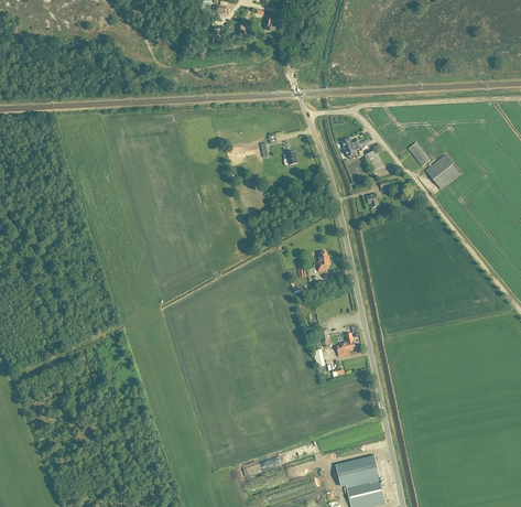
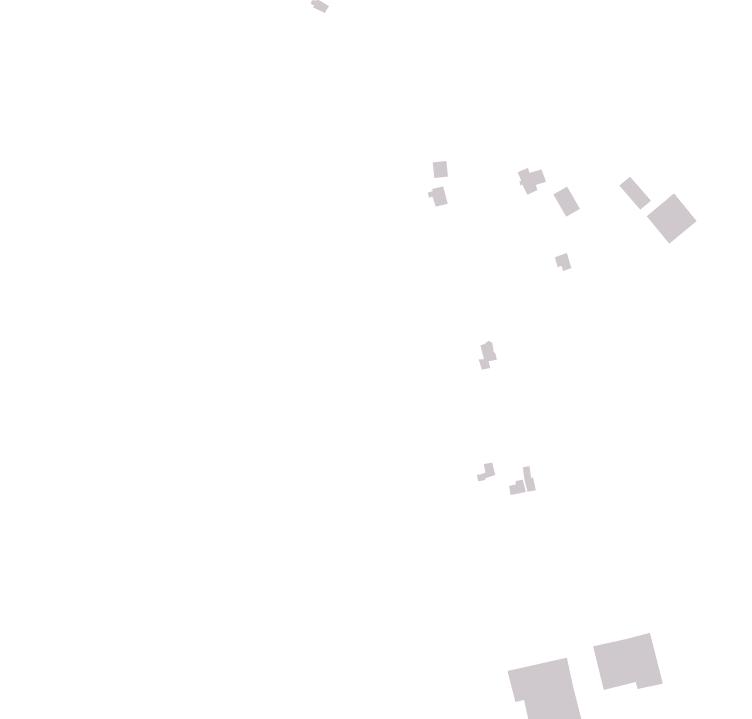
building: none -> [592,632,664,691]

